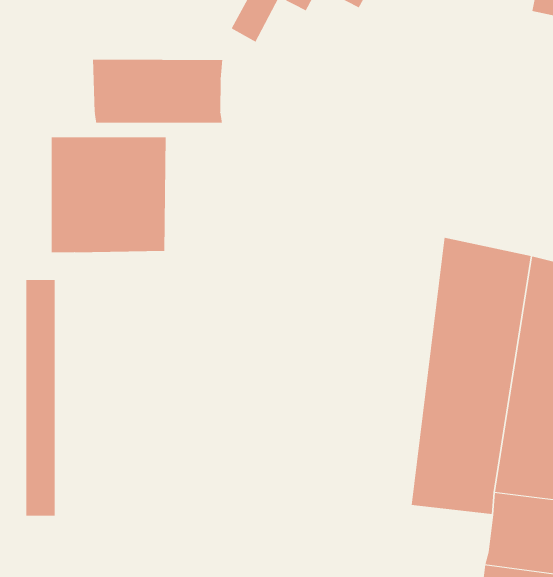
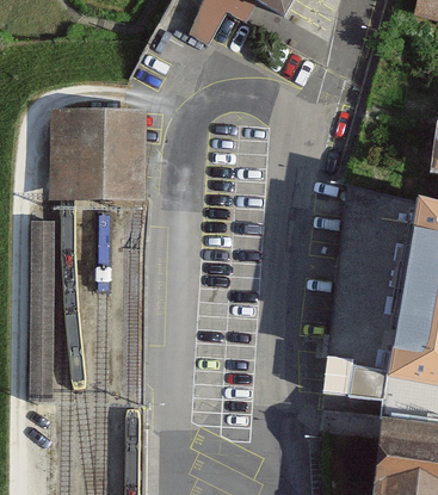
building: [92,59,223,124] -> none

